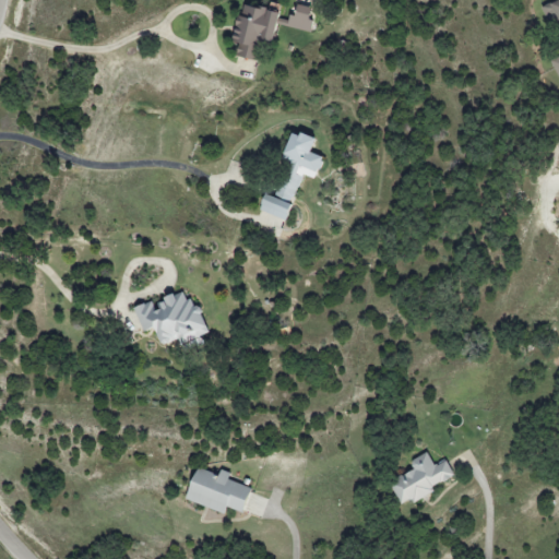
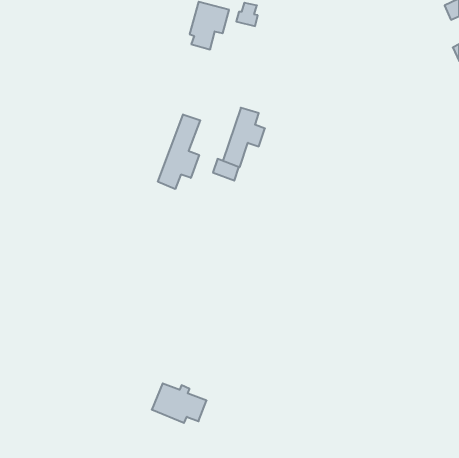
building: none -> [158,114,200,189]
building: [135,292,207,344] -> none
building: [391,452,454,503] -> none

